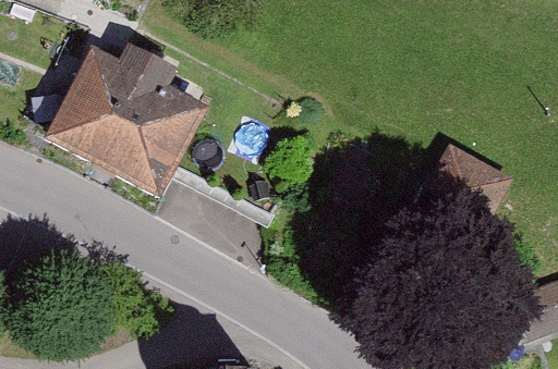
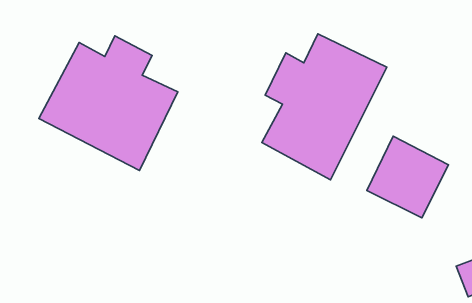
building: none -> [262,34,387,180]

